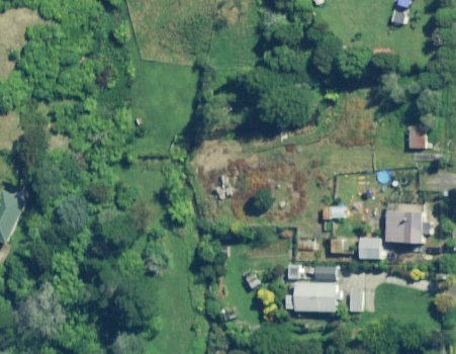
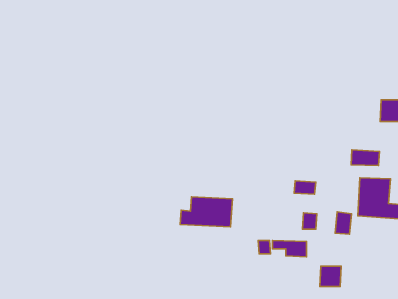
building: none -> [351,150,379,165]
building: [287,282,339,312] -> [180,197,232,227]

